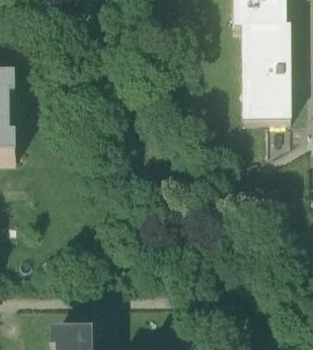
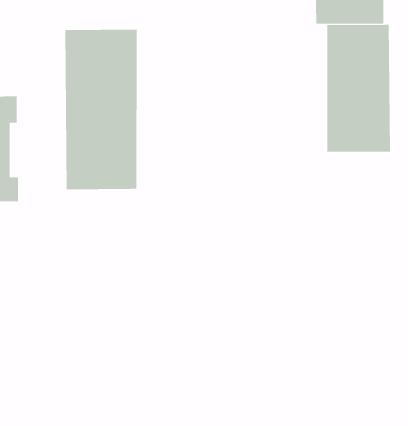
building: none -> [65,29,137,190]

